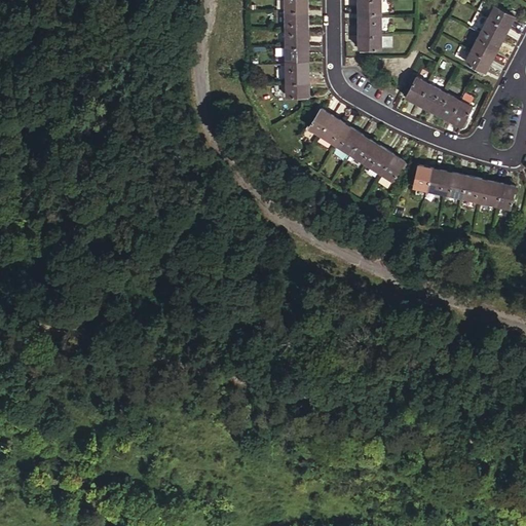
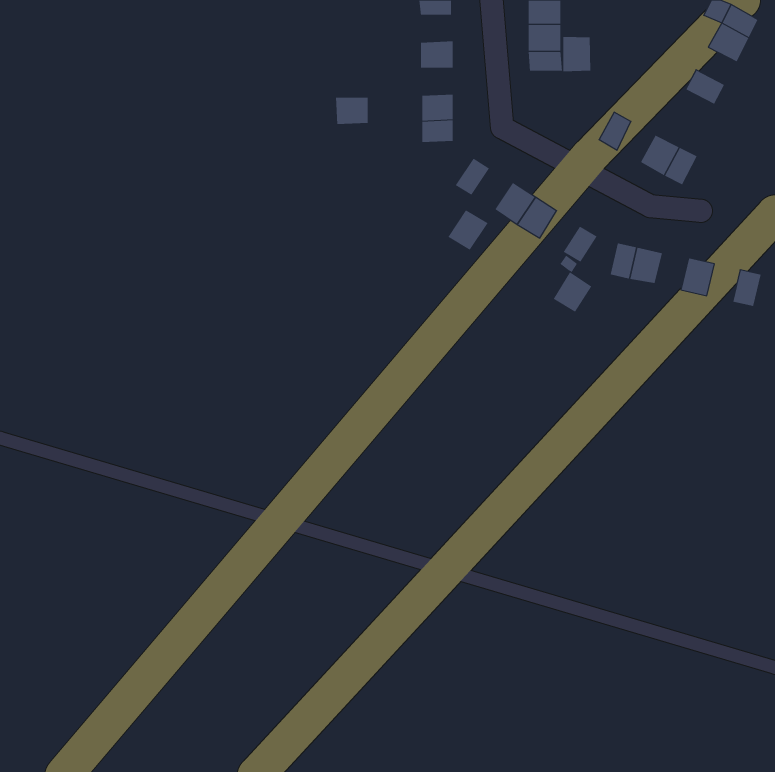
building: [285,12,307,31] -> none
building: none -> [563,36,591,72]
building: [472,34,499,60] -> none
building: [285,48,307,67] -> [335,97,369,125]
building: [418,84,444,112] -> none
building: [320,116,347,144] -> [447,210,488,251]
building: [366,145,392,173] -> [553,271,592,312]
building: [444,174,466,198] -> none
building: [479,181,501,206] -> none

